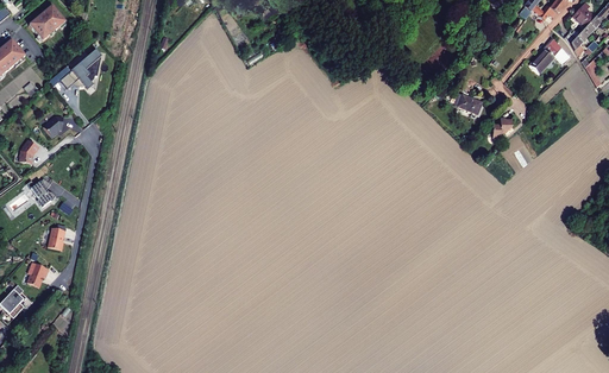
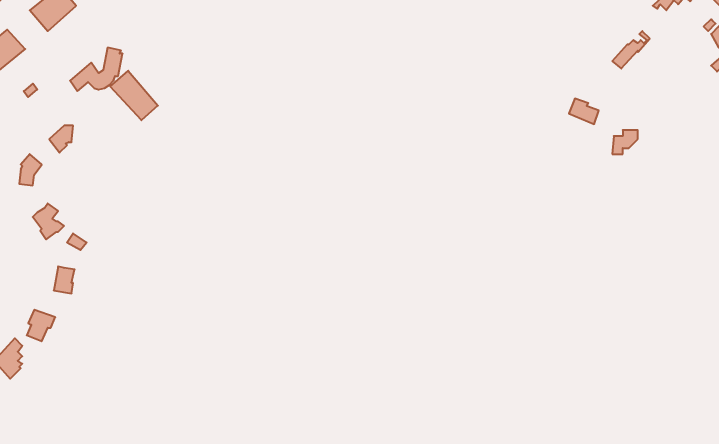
building: [529,39,570,74] -> none
building: none -> [110,71,158,120]

